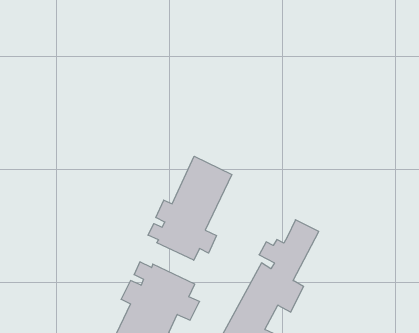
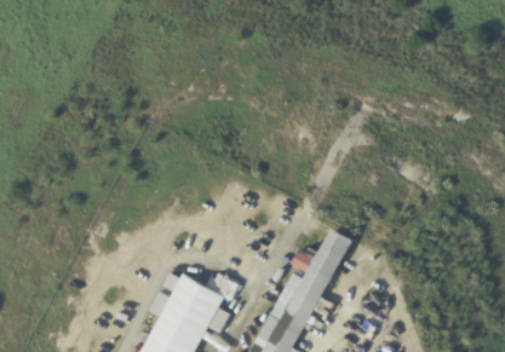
building: [148,156,232,260] -> none

